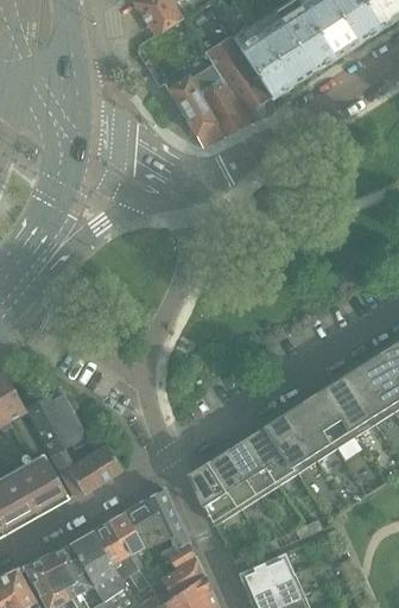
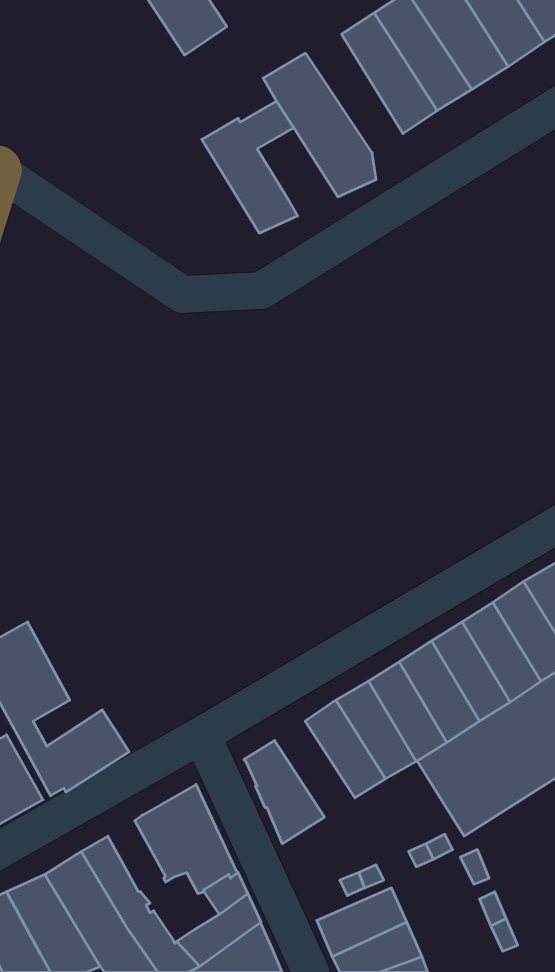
building: [232,23,291,96] -> none
building: [201,81,251,135] -> none
building: [211,449,261,508] -> none
building: [108,511,162,587] -> none

